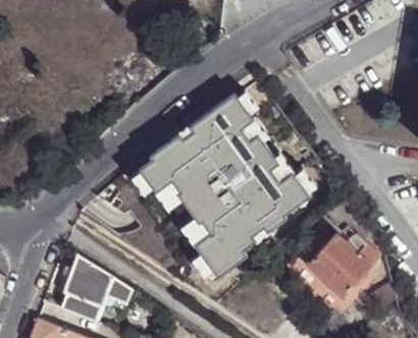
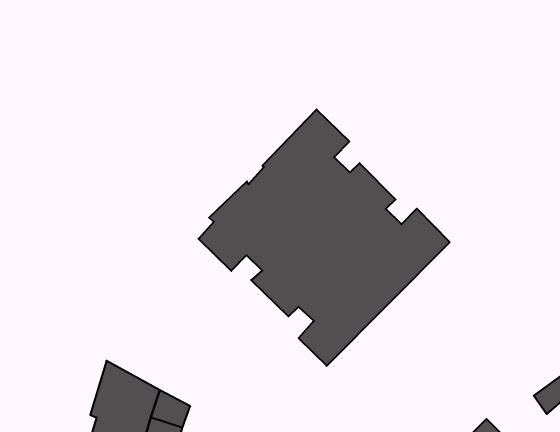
building: [308,229,378,298] -> none

